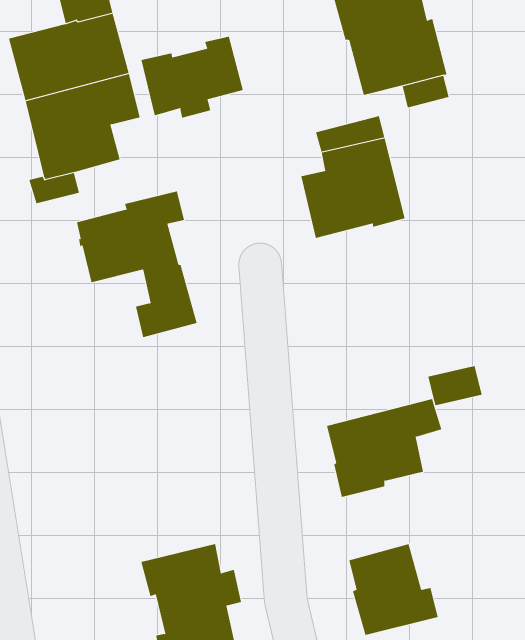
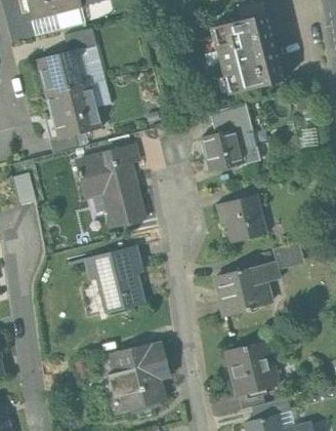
building: [141,36,244,119] -> none
building: none -> [218,195,262,241]
building: none -> [91,251,143,316]

